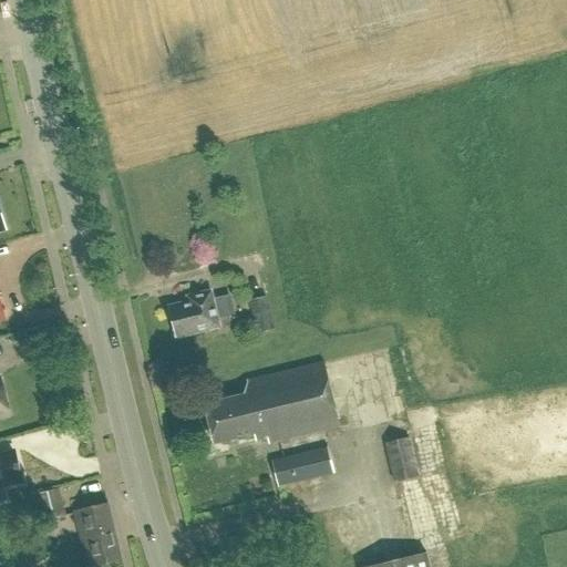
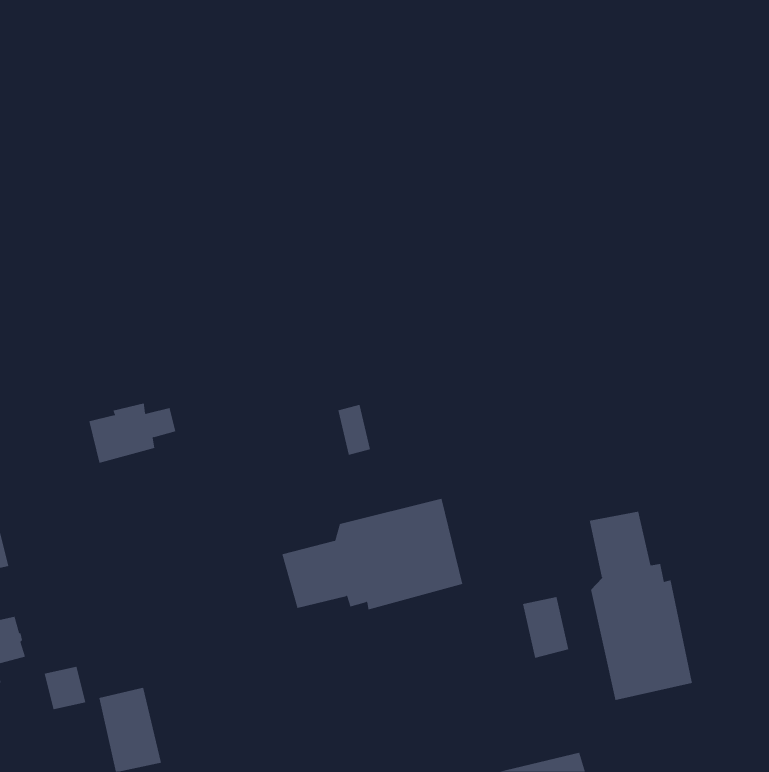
building: [169,293,234,338] -> [88,403,176,463]
building: none -> [589,511,692,701]
building: [269,446,331,485] -> none

